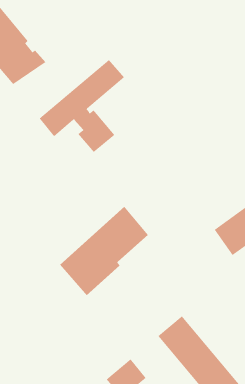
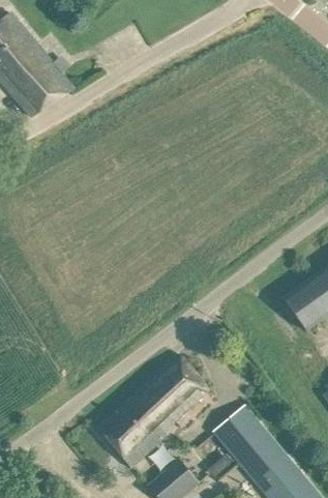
building: [39,59,125,153] -> none
building: [59,206,149,296] -> [97,354,209,467]

